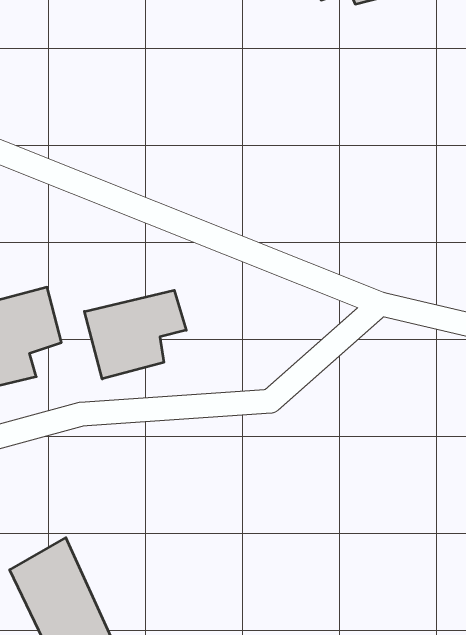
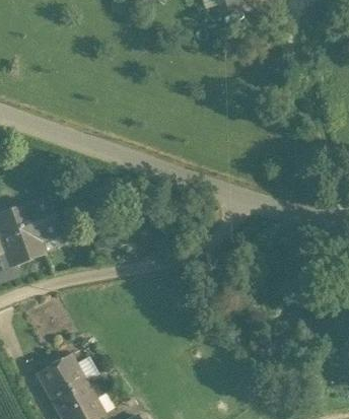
building: [84,290,186,379] -> none

